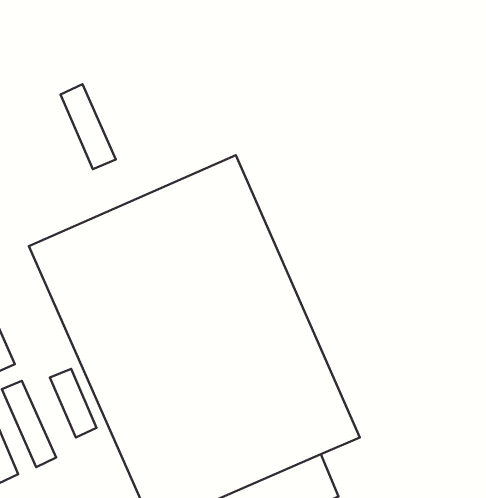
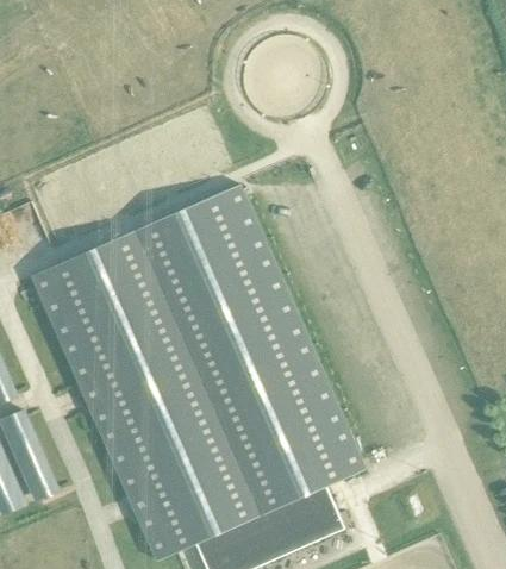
building: [61,84,116,169] -> none
building: [50,369,97,437] -> none

